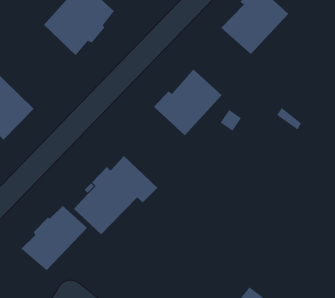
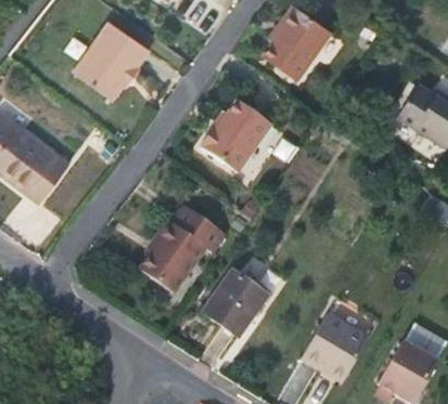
building: [21,205,88,271] -> none
building: none -> [200,268,267,338]

